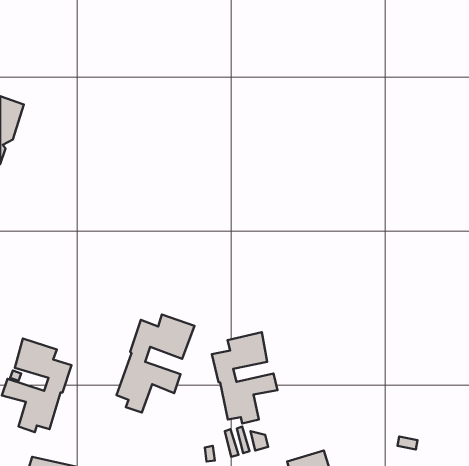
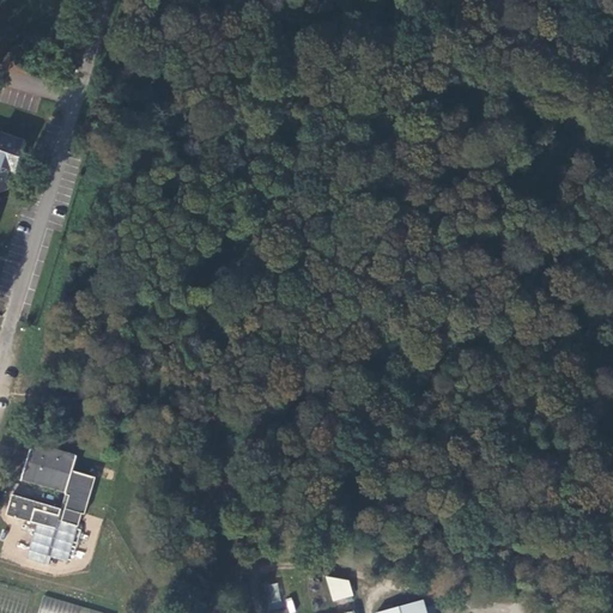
building: [116,315,195,412] -> none
building: [212,332,278,423] -> none

